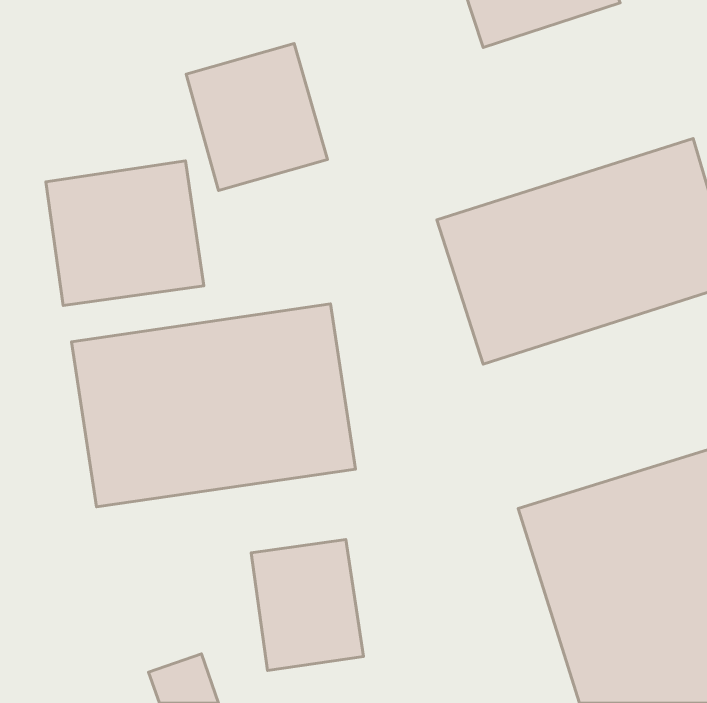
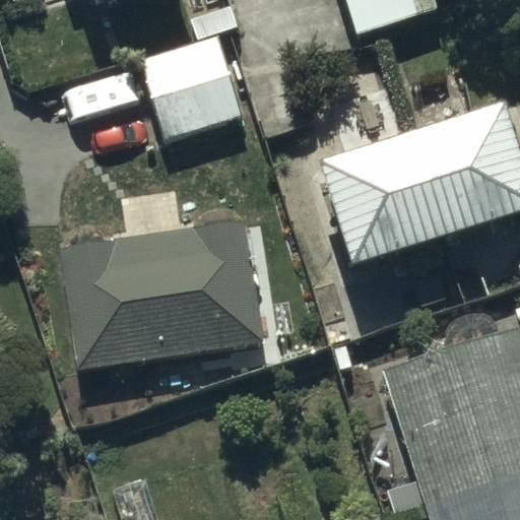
building: [46,161,204,306] -> none
building: [251,540,364,671] -> none

